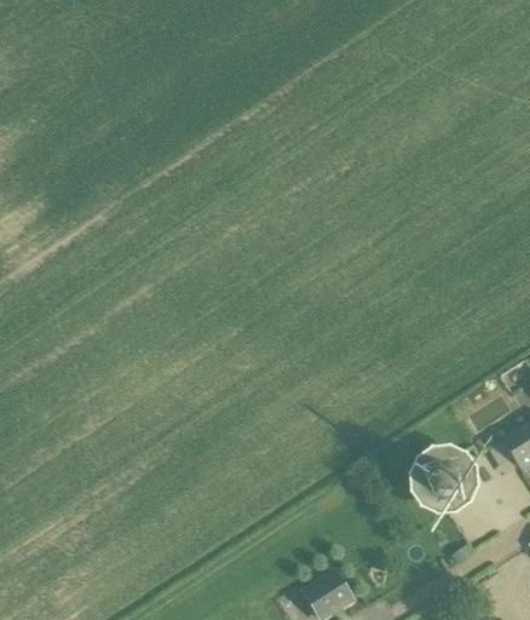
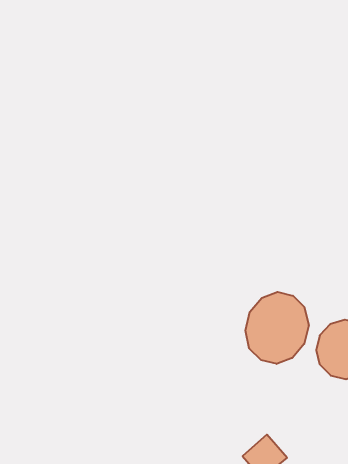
building: none -> [245,292,309,364]

